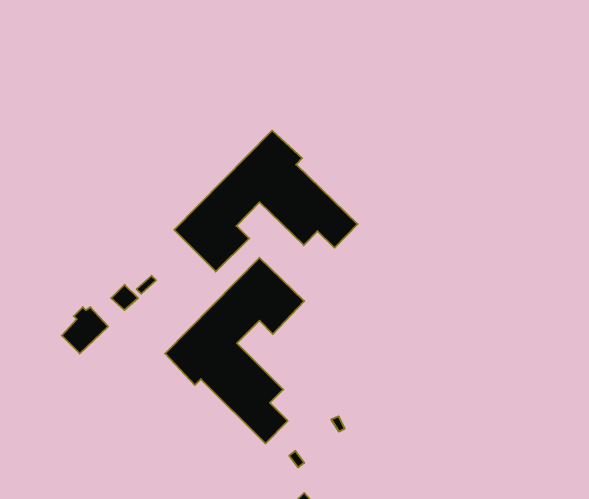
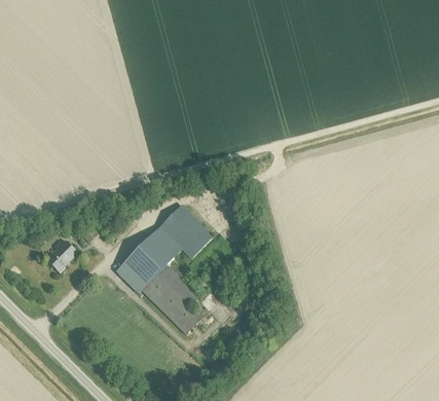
building: [174,131,358,272] -> none

